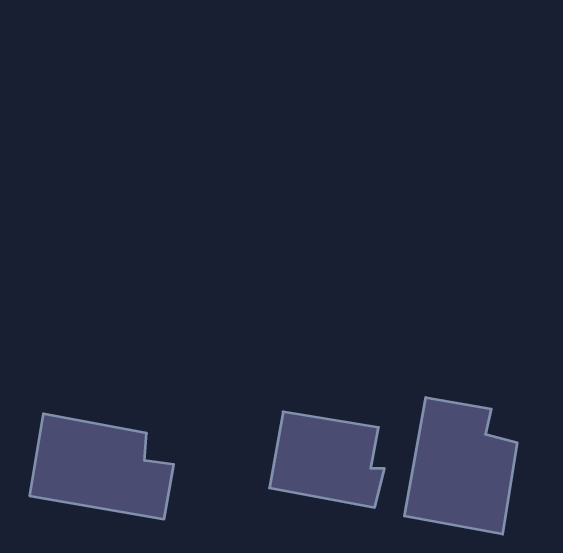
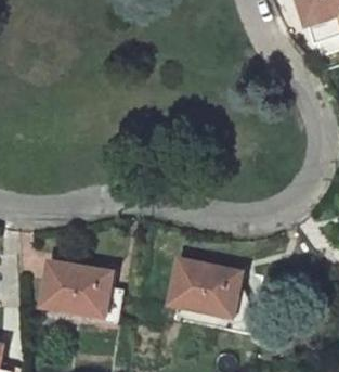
building: [404,397,517,534] -> none

